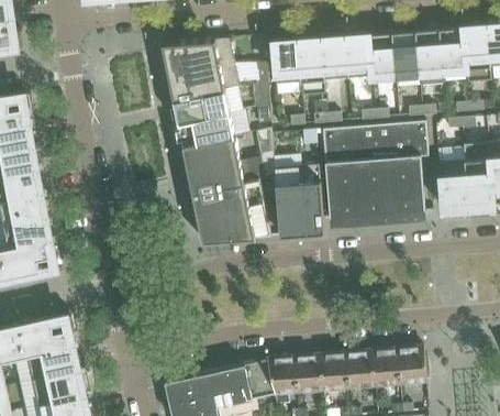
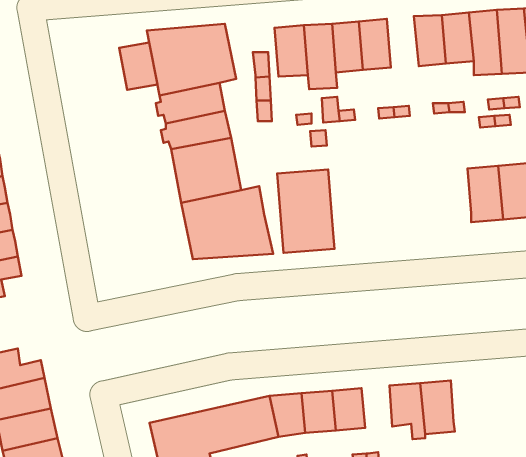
building: [368,32,396,76] -> none
building: none -> [119,42,157,90]
building: [322,121,427,218] -> none
building: [346,350,373,386] -> none

